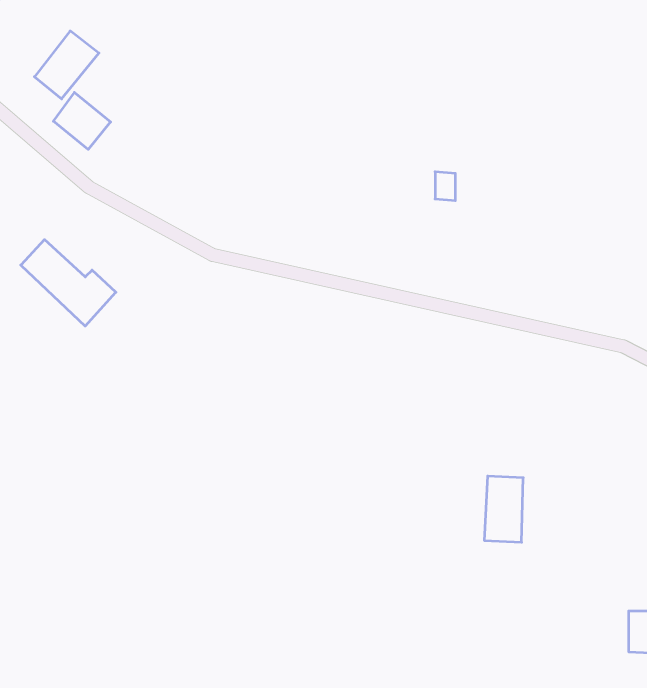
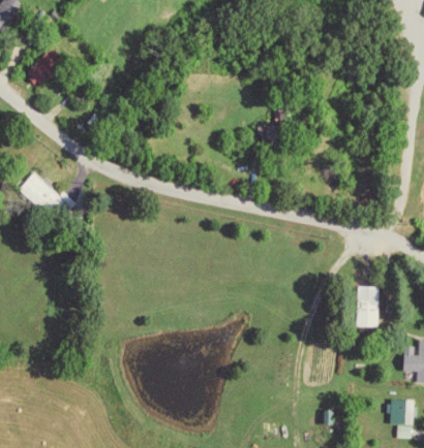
building: [53,92,111,149] -> none
building: [484,476,523,542] -> [356,286,380,326]

